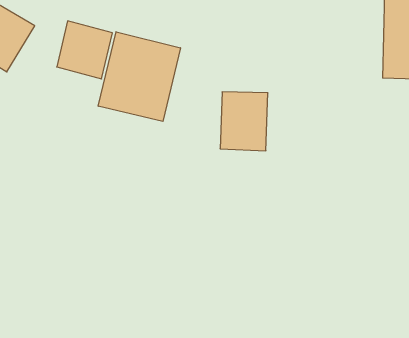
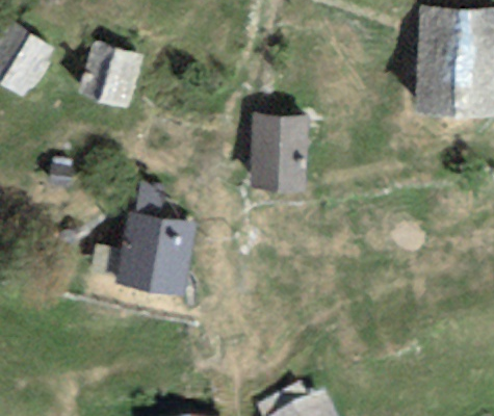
building: [98,32,180,121] -> none
building: none -> [122,214,192,285]

